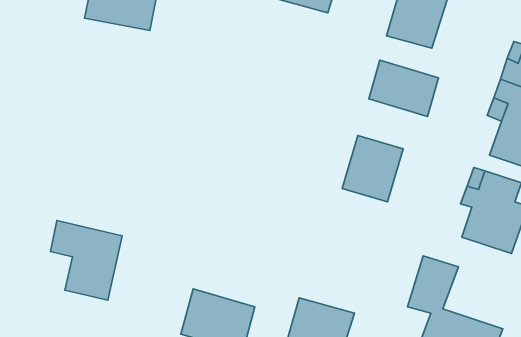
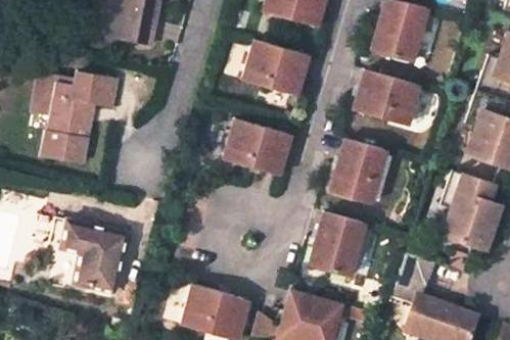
building: none -> [243,39,310,96]
building: none -> [35,68,118,164]
building: none -> [224,117,292,176]
building: none -> [310,213,365,276]

